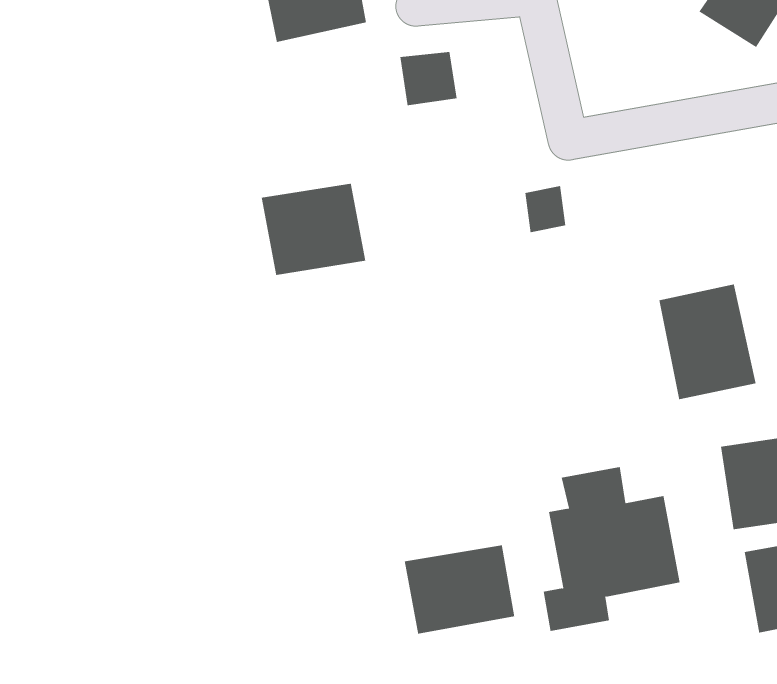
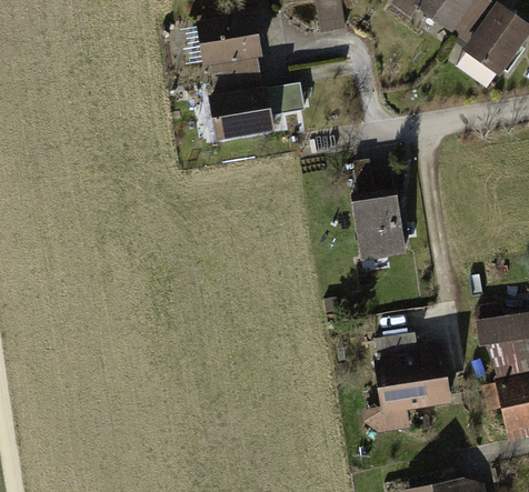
building: [261,183,366,275] -> [207,86,271,142]
building: [659,284,756,400] -> [349,194,409,265]
building: [404,545,515,634] -> none

